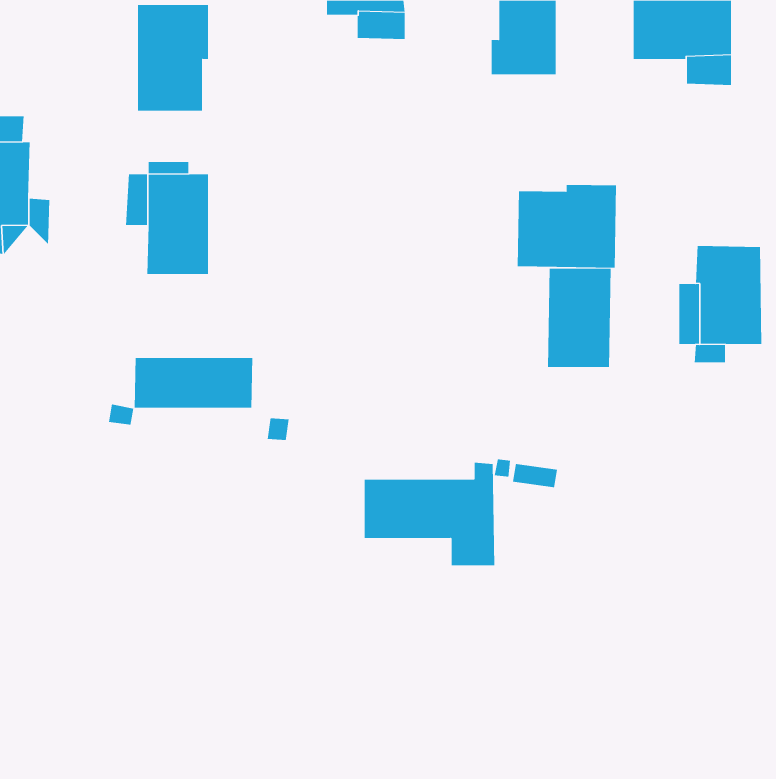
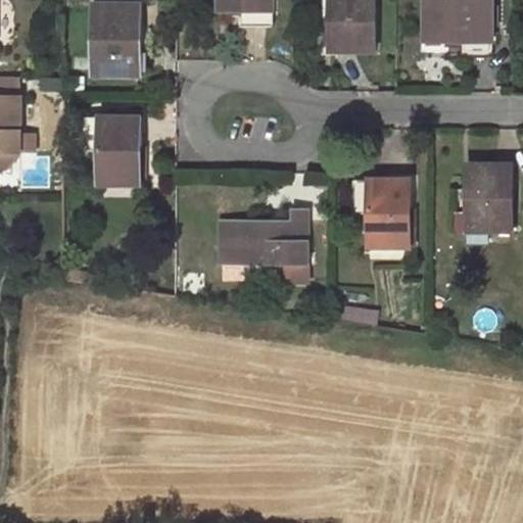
building: [517,184,617,268] -> none
building: [134,357,253,409] -> none
building: [364,462,495,566] -> [219,210,306,280]

